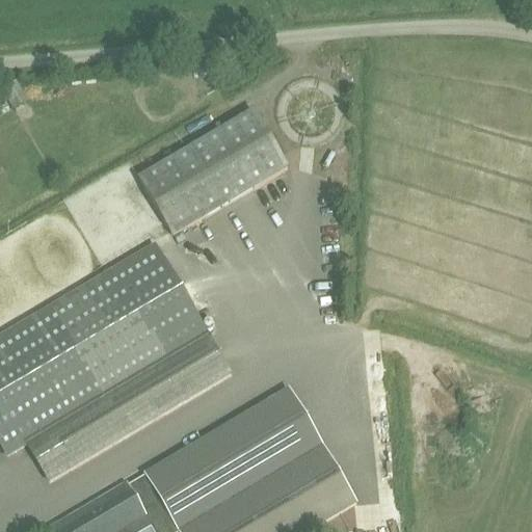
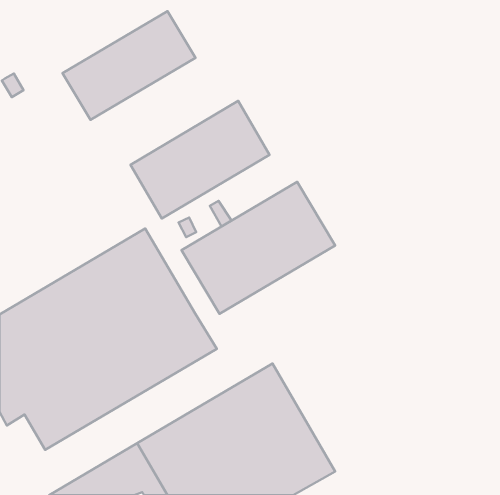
building: none -> [63,11,196,120]
building: none -> [181,182,335,314]

